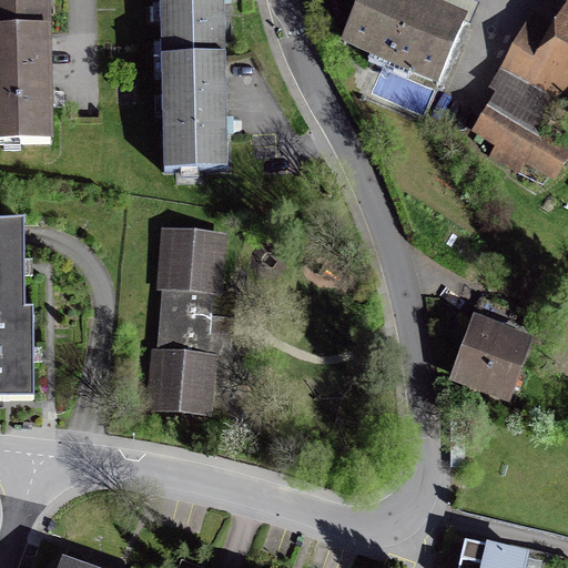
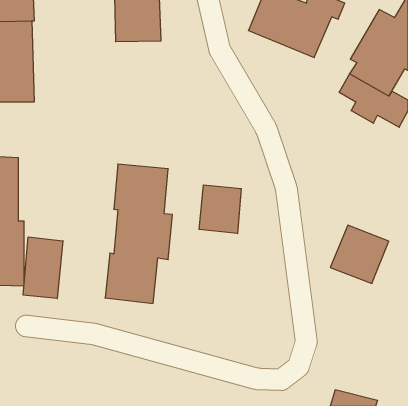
building: [160,57,224,169] -> none
building: none -> [199,185,241,234]
building: none -> [23,237,63,299]

